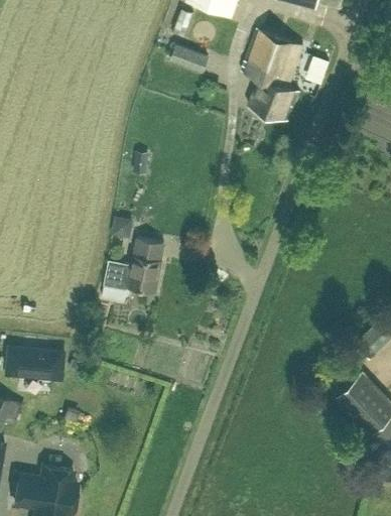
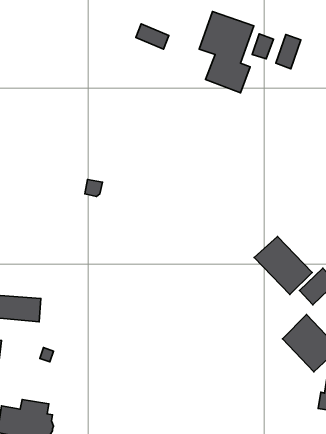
building: none -> [276,34,301,69]
building: [105,239,164,292] -> none
building: none -> [254,237,312,295]

